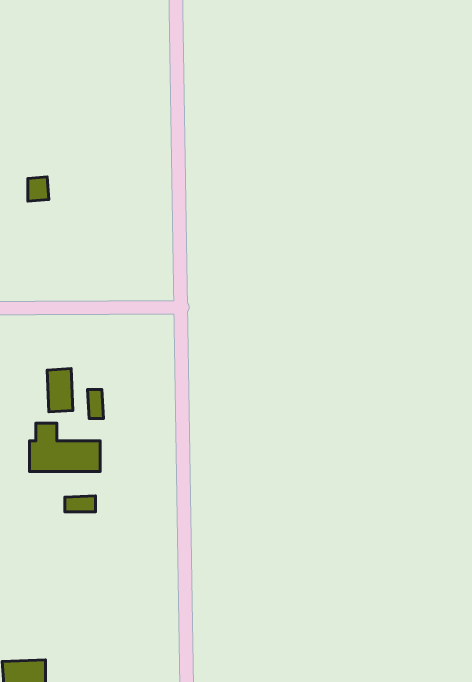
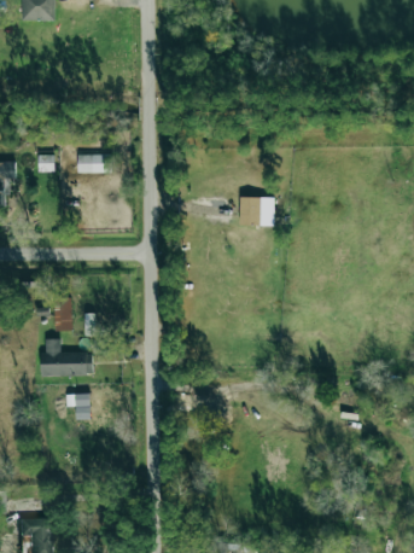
building: none -> [77,155,111,173]
building: none -> [239,198,275,226]

